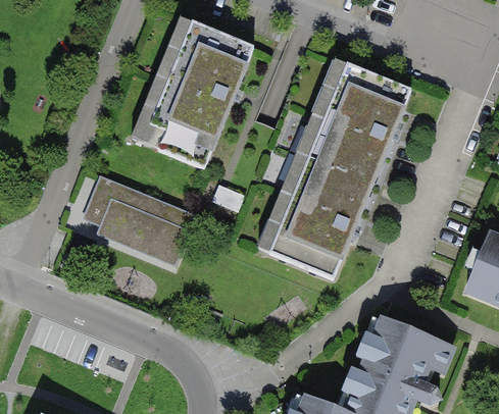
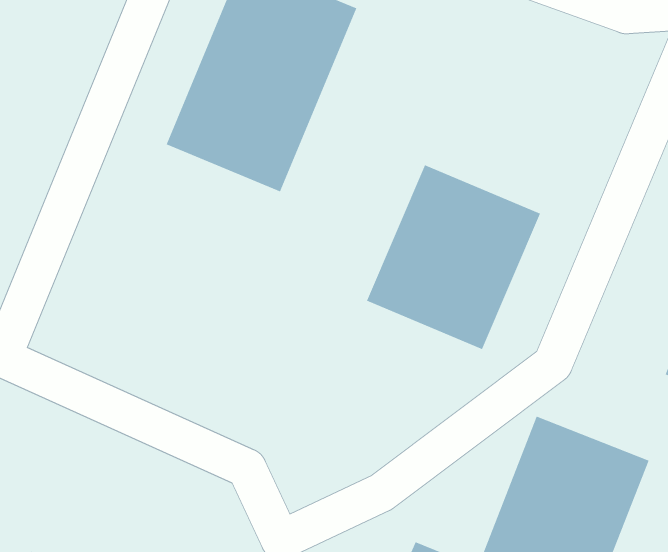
building: [298,62,414,186] -> none
building: [72,173,199,268] -> none

